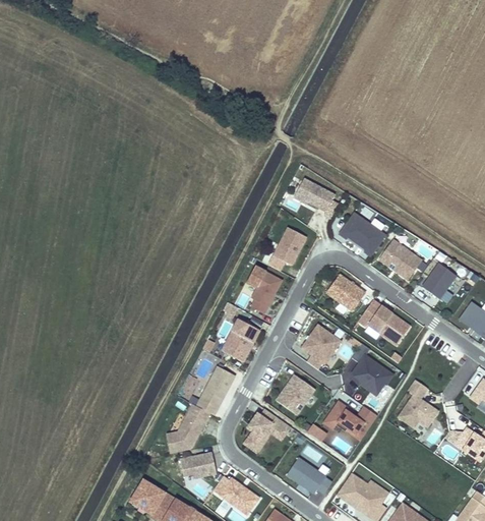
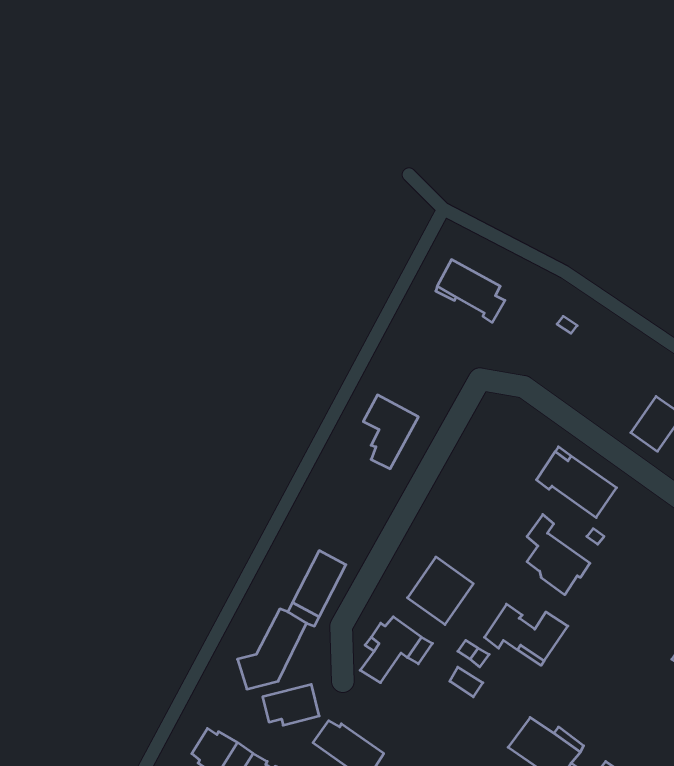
building: [339,213,385,256] -> none
building: [275,228,305,265] -> none
building: [378,239,421,279] -> none
building: [324,272,367,312] -> none
building: [222,317,260,362] -> none
building: [301,325,341,369] -> none
building: [399,379,438,427] -> none
building: [287,458,332,494] -> none

